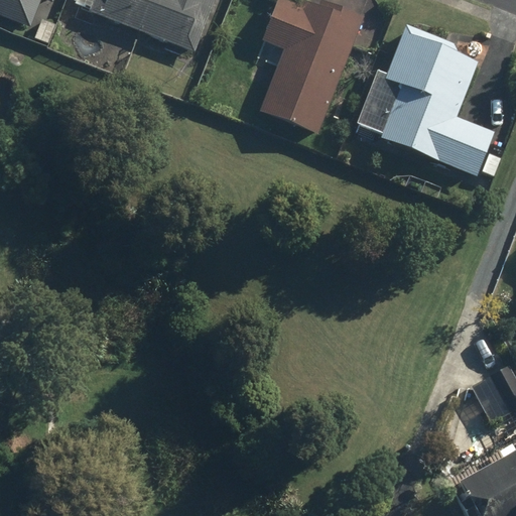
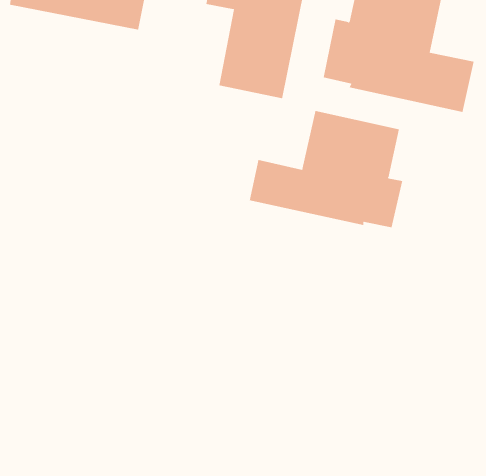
building: none -> [249,110,403,228]

